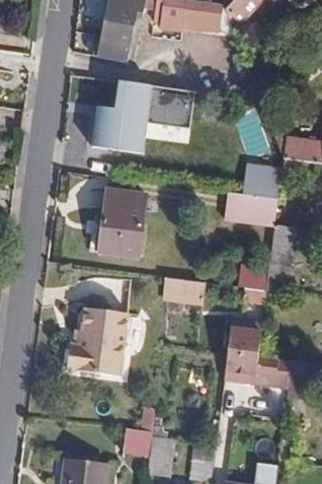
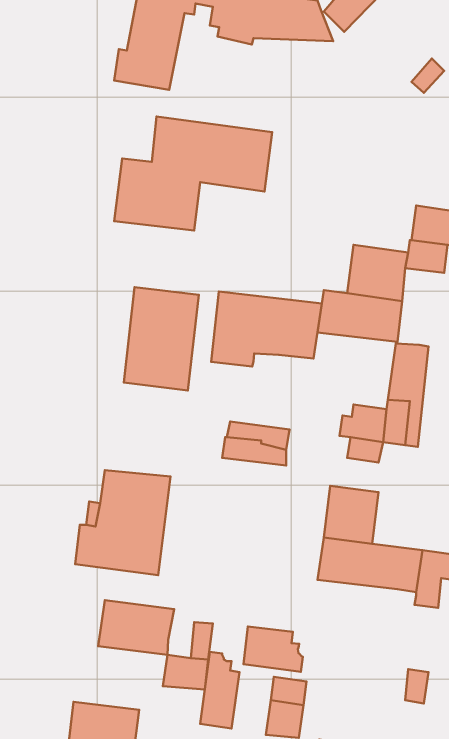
building: none -> [211,292,322,367]
building: none -> [98,600,174,655]
building: none -> [243,627,303,672]

